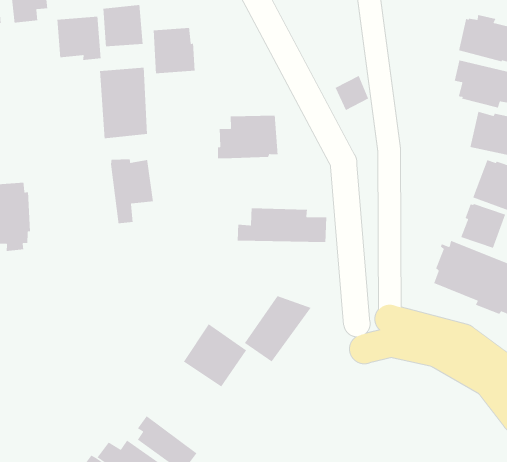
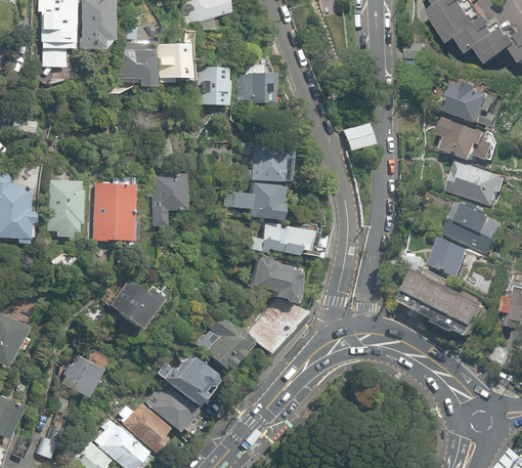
building: none -> [237,73,274,103]
building: [99,67,148,139] -> [92,183,132,241]
building: none -> [223,182,282,221]
building: none -> [252,255,304,301]
building: none -> [106,275,166,330]
building: none -> [156,355,218,407]
building: none -> [57,347,107,396]

